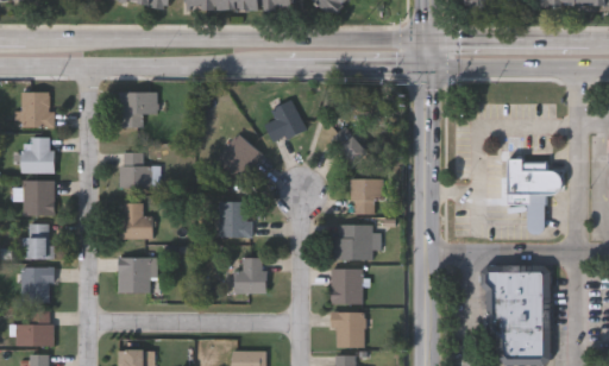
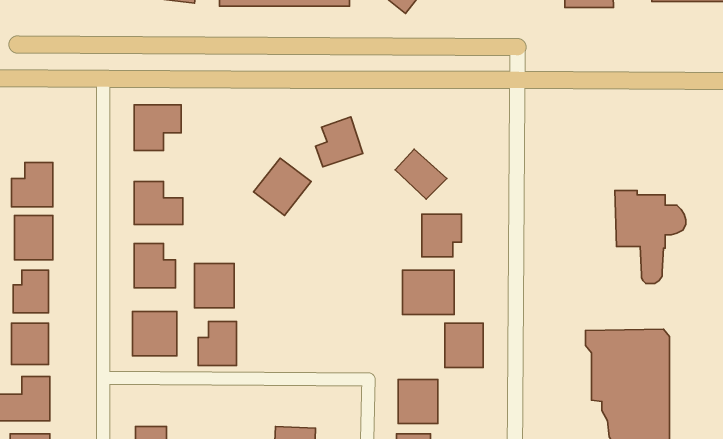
building: [21,90,51,127] -> none
building: [218,201,250,236] -> [194,264,234,308]
building: [234,257,265,292] -> [198,321,237,366]
building: [331,267,362,303] -> [445,323,483,367]

